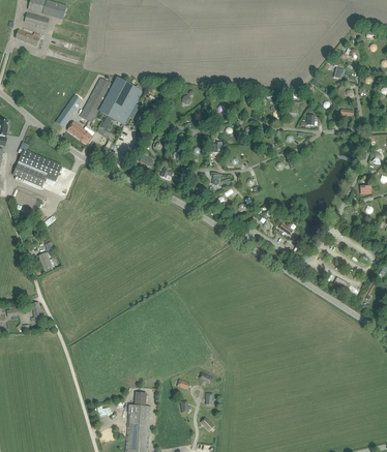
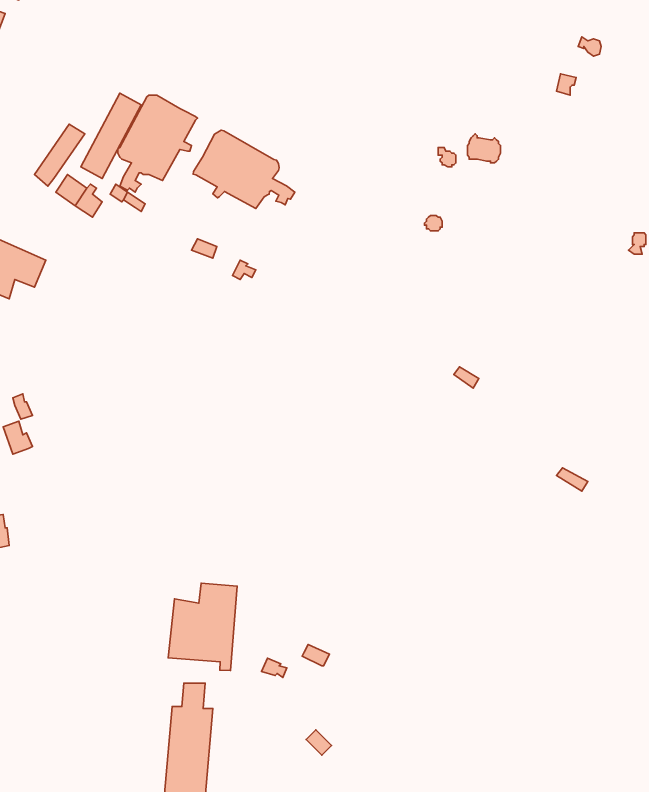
building: none -> [193,130,295,209]
building: none -> [168,583,237,671]

